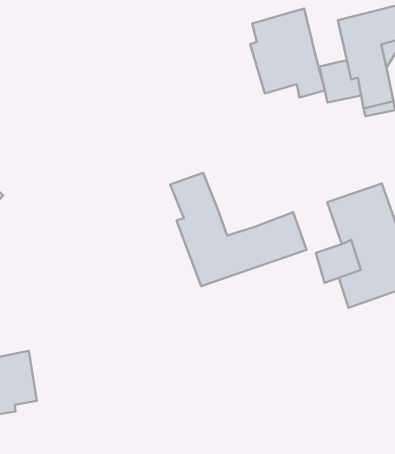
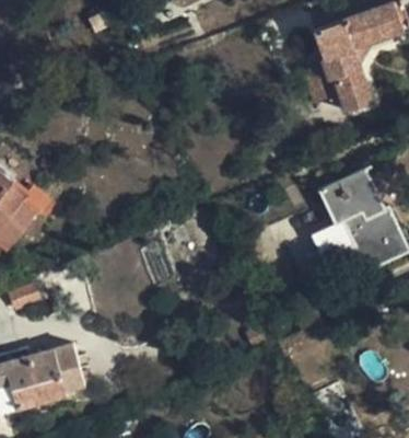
building: [250,9,325,98] -> none
building: [170,173,307,286] -> none

